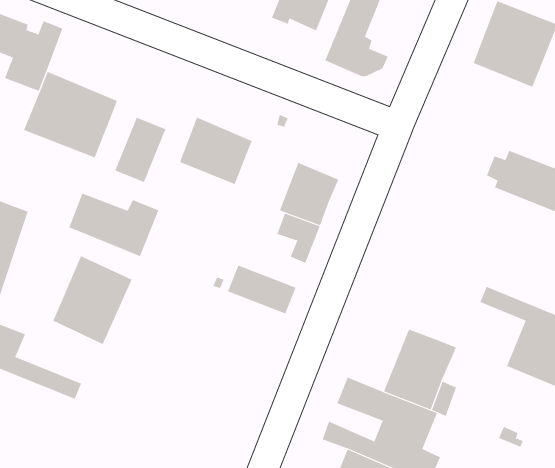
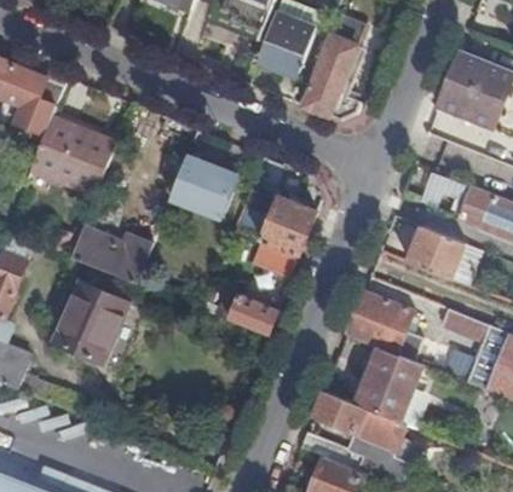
building: [114,117,166,183] -> none
building: none -> [407,226,465,279]
building: none -> [346,291,423,361]

